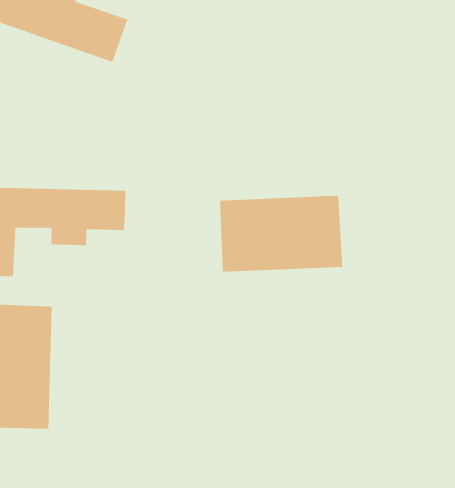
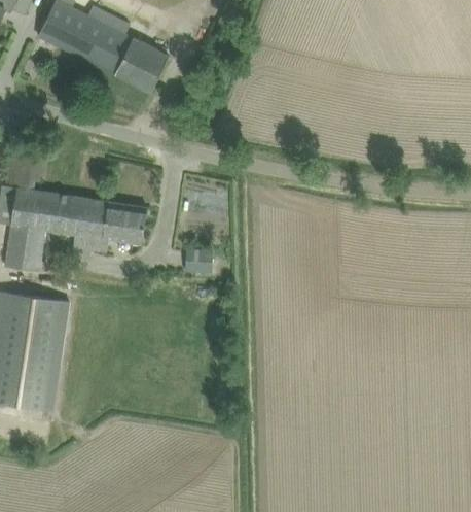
building: [219,195,343,273] -> none
building: none -> [184,250,211,275]

